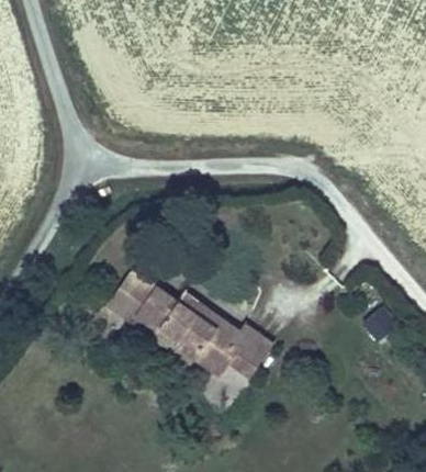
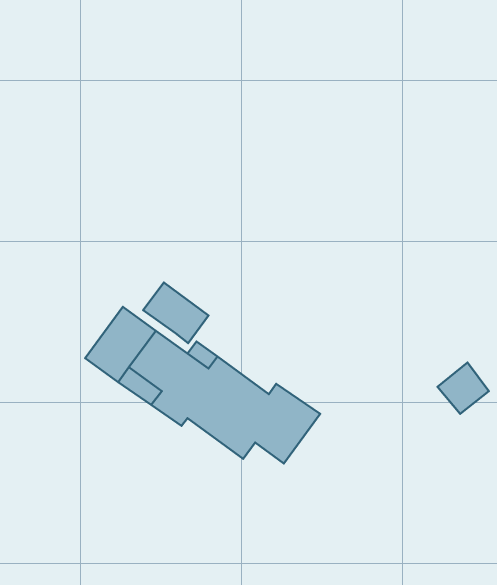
building: none -> [143,283,209,343]

